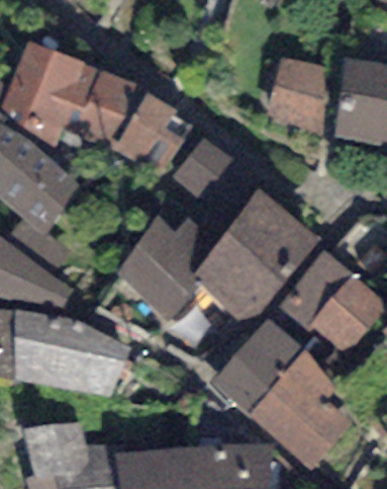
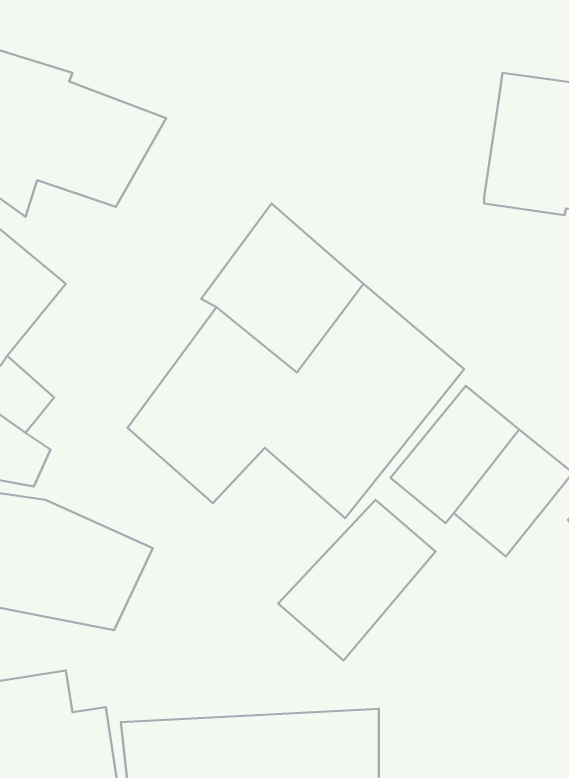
building: [264,59,342,135] -> none
building: [113,93,194,175] -> none
building: [248,349,357,471] -> none

